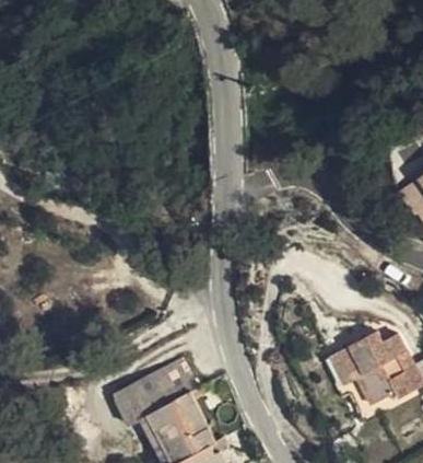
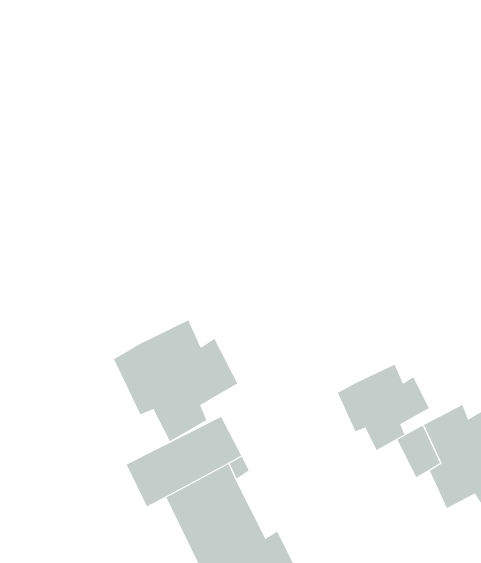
building: none -> [113,320,238,442]
building: none -> [337,364,430,451]

